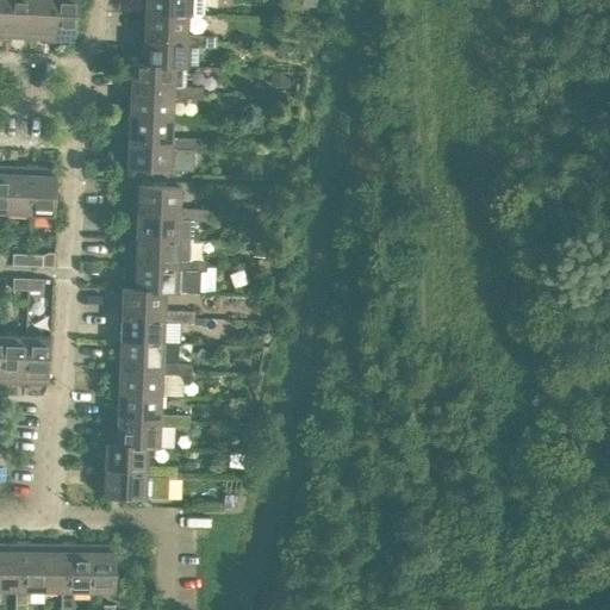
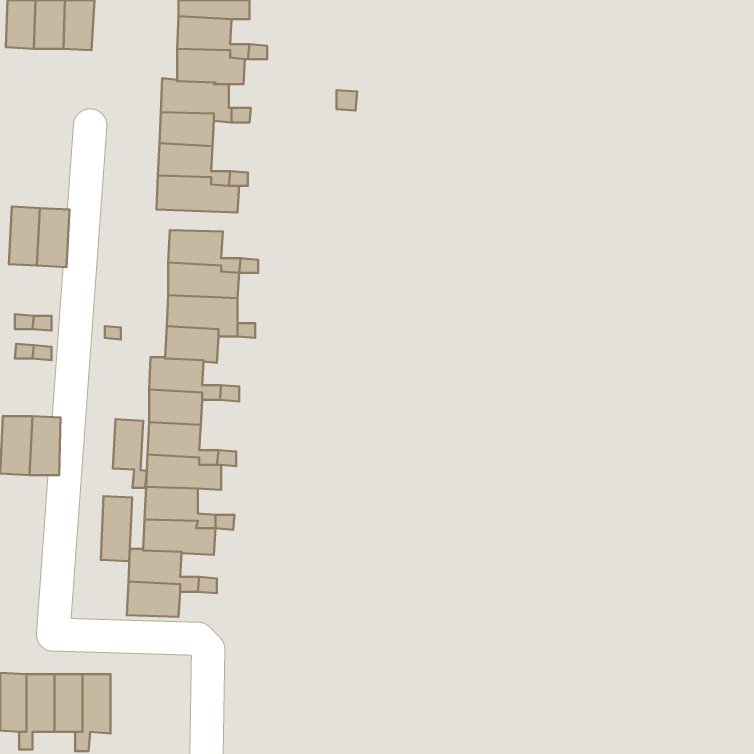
building: none -> [113,419,147,488]
building: none -> [101,496,132,561]
building: [89,544,114,592] -> none

